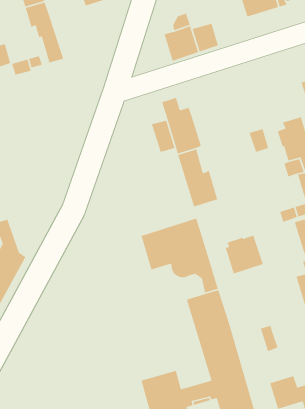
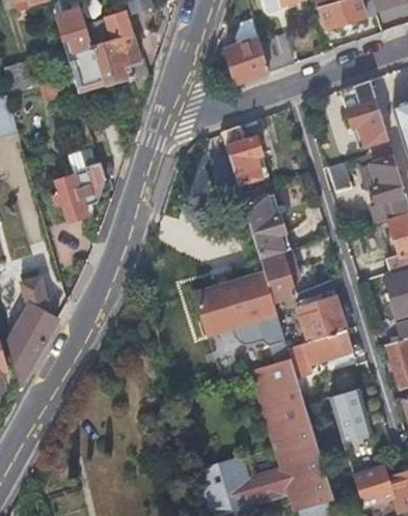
building: none -> [85,12,151,104]
building: none -> [347,81,392,156]
building: none -> [51,150,106,223]
building: none -> [262,253,298,303]
building: none -> [289,329,353,378]

